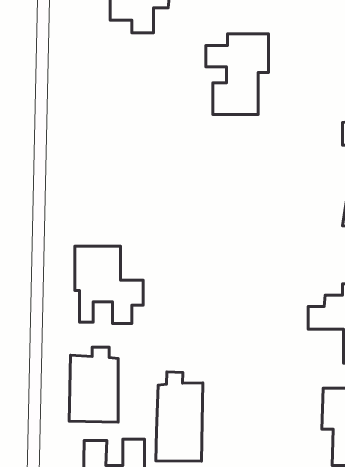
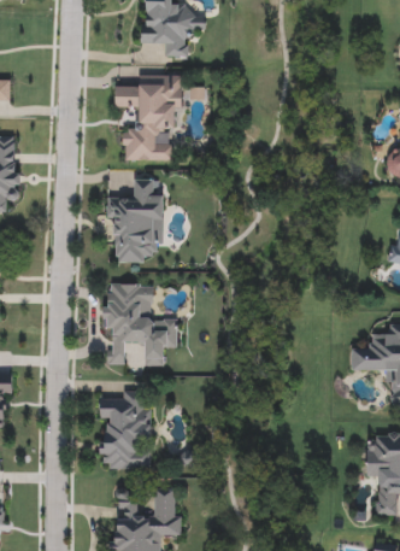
building: [206,34,269,115] -> [116,75,182,160]
building: none -> [107,178,163,263]
building: [156,372,203,461] -> none

